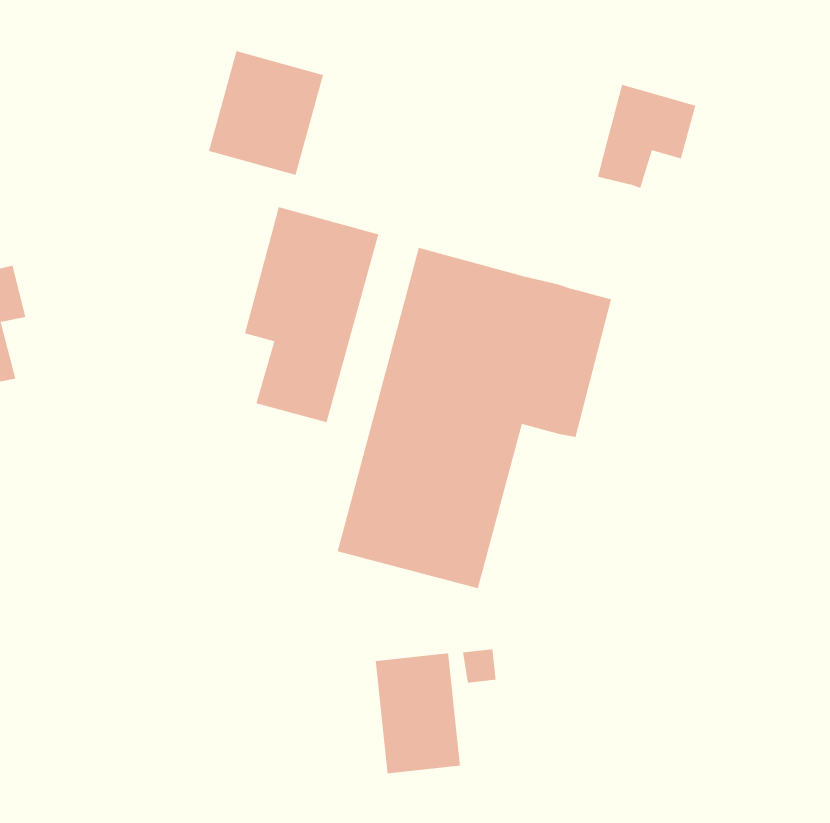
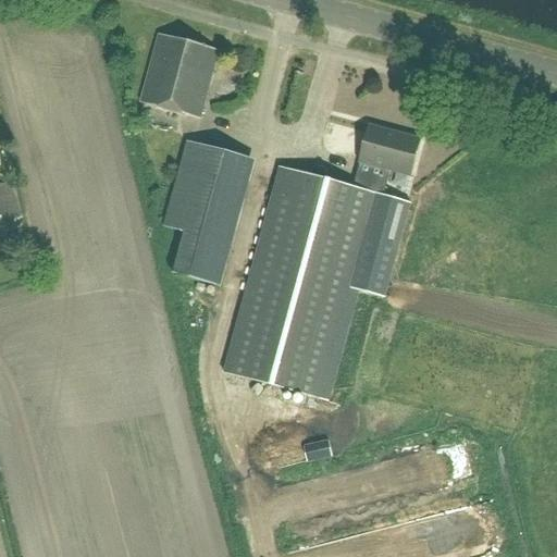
building: [597,84,696,188] -> [351,123,418,193]
building: [375,652,461,774] -> none

